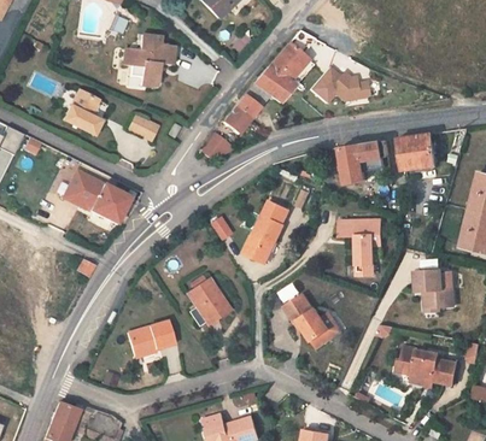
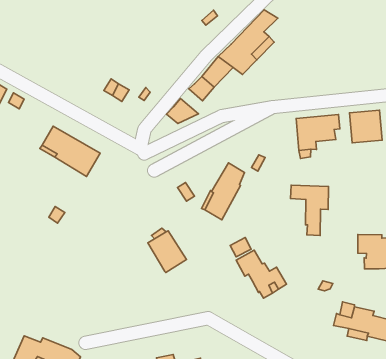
building: [123,35,174,87] -> none
building: [309,67,369,102] -> none
building: [64,90,101,135] -> none
building: [129,322,174,355] -> none

